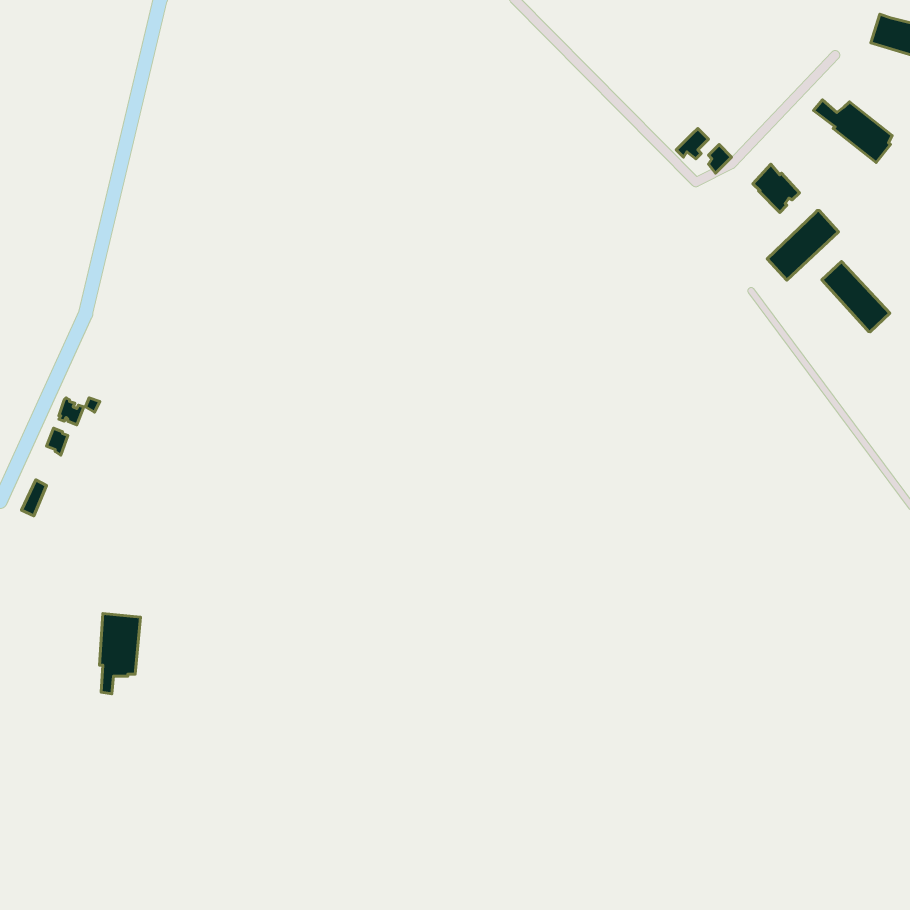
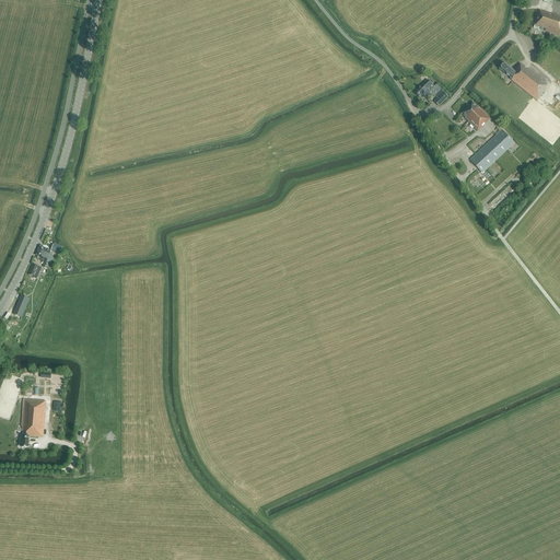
building: [822,261,890,332] -> none
building: [99,614,140,694] -> [22,398,47,447]

